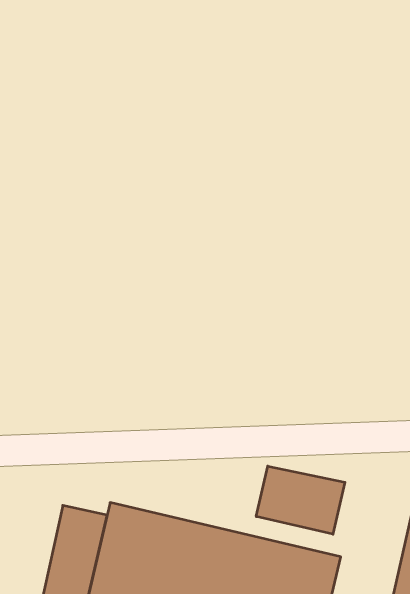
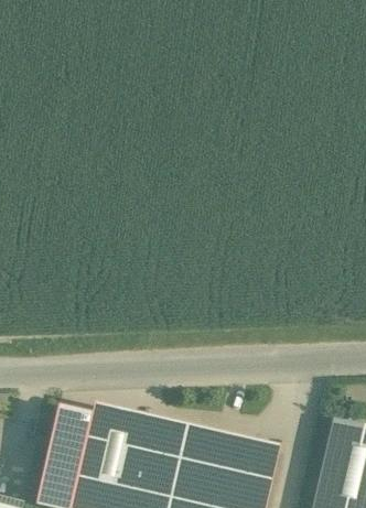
building: [256,466,345,534] -> none

